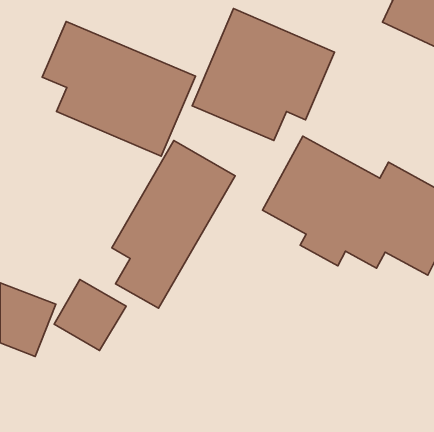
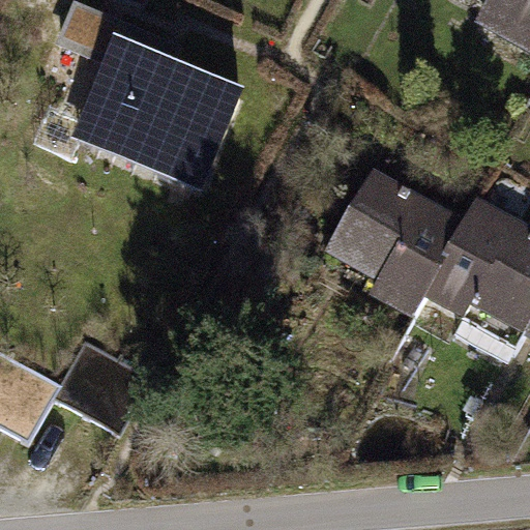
building: [192,9,334,141] -> none
building: [112,141,235,308] -> none

